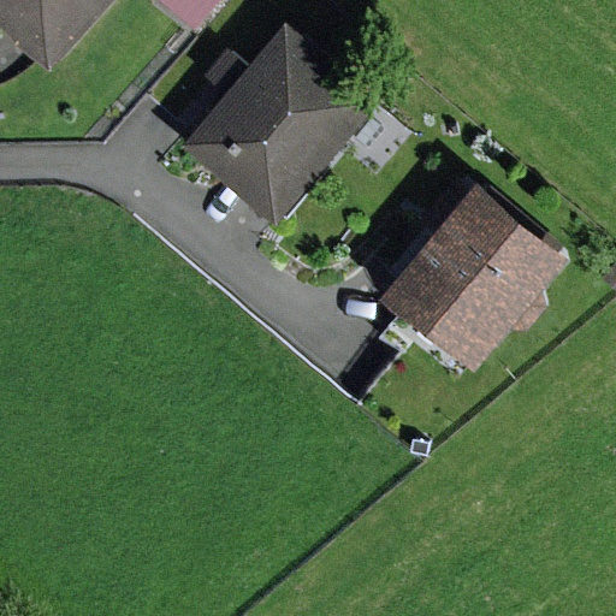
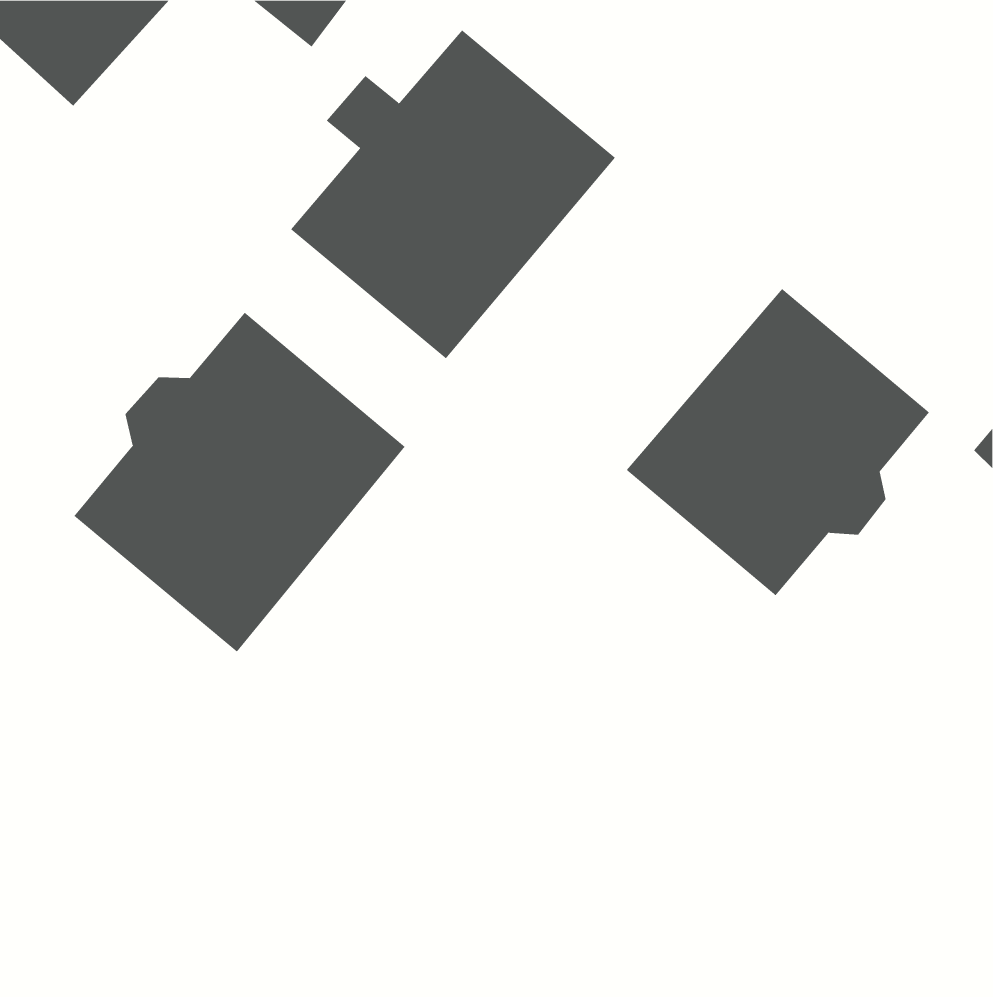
building: none -> [73,312,406,653]

